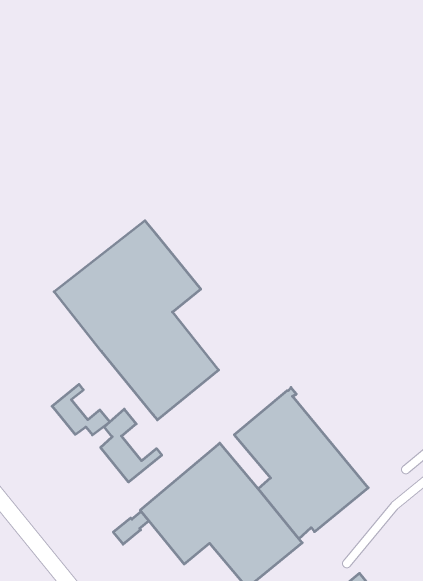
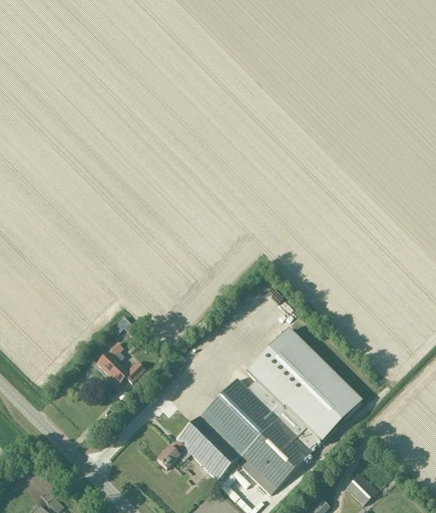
building: [54,221,219,420] -> none
building: [101,409,162,482] -> none

